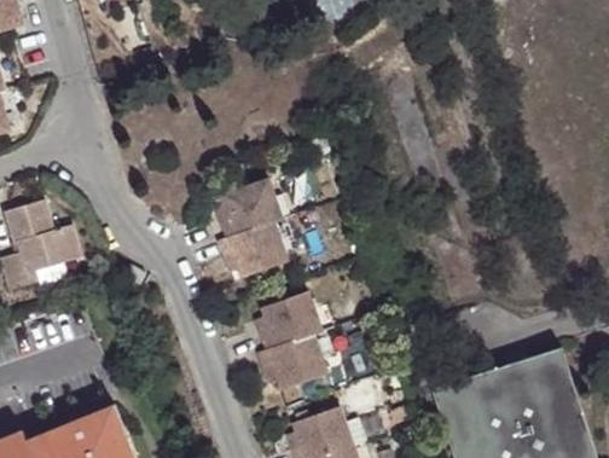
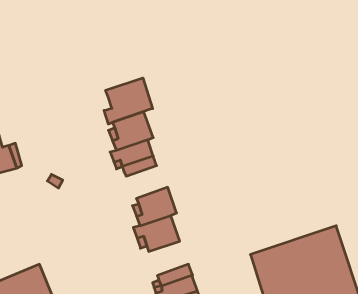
building: none -> [104,78,153,124]

